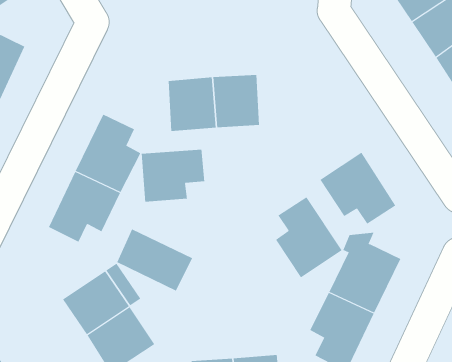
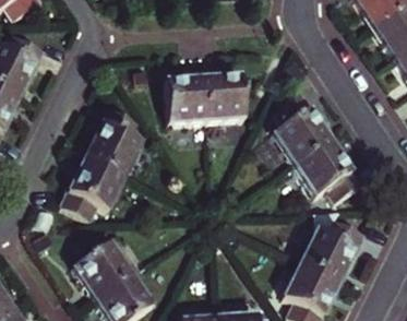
building: [141,149,205,202] -> none
building: [275,197,343,278] -> [272,94,330,164]
building: [117,229,193,292] -> none

